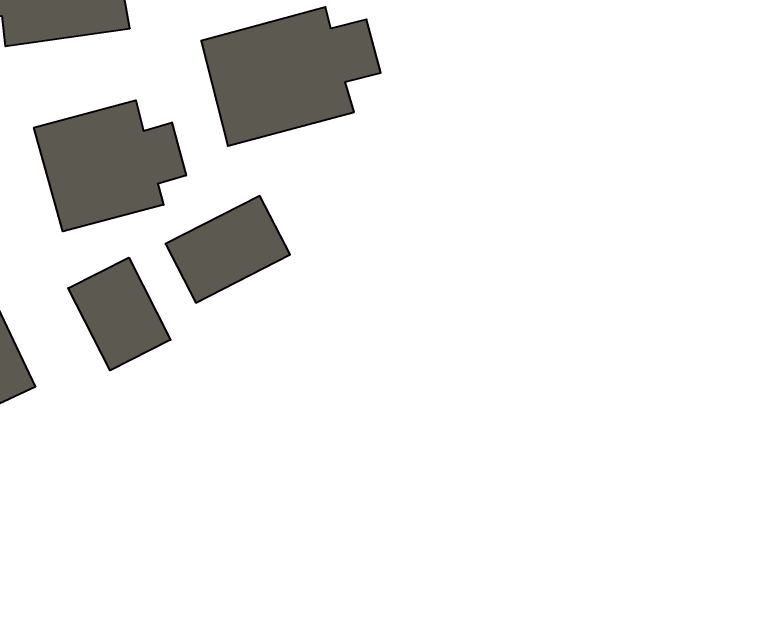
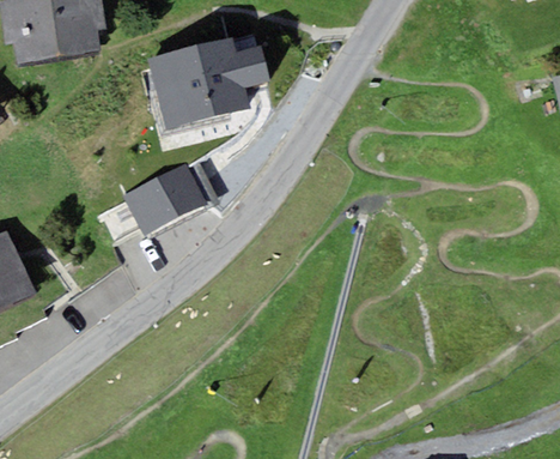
building: [34,100,186,231] -> none
building: [68,258,171,370] -> none

